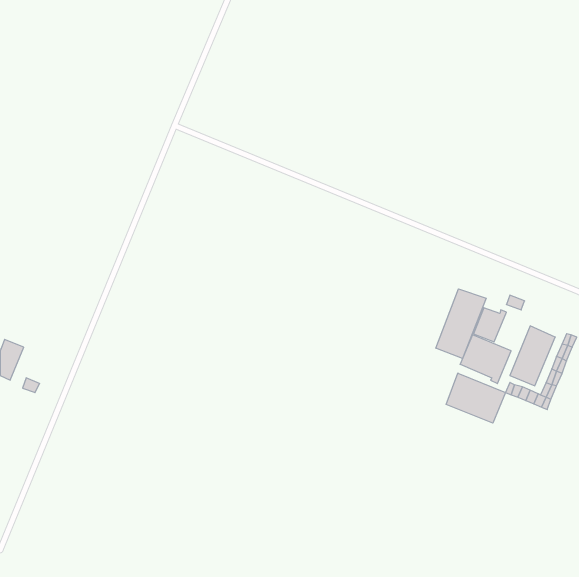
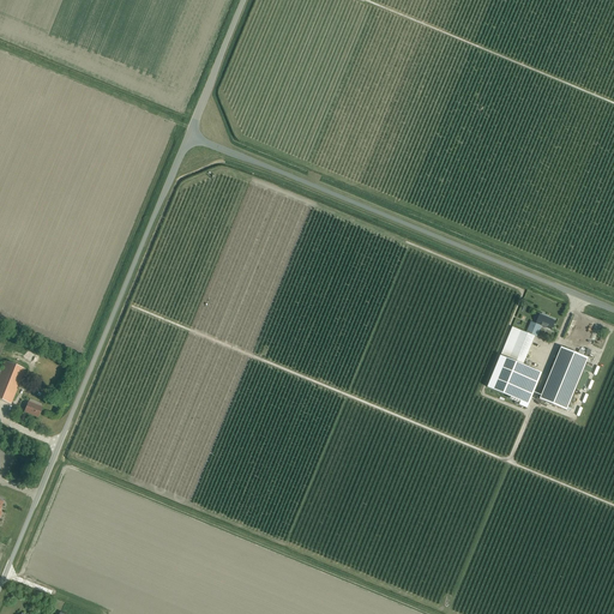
building: [436,289,486,359] -> none
building: [446,373,505,423] -> none

